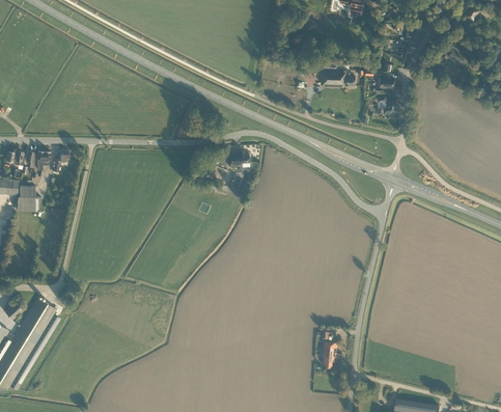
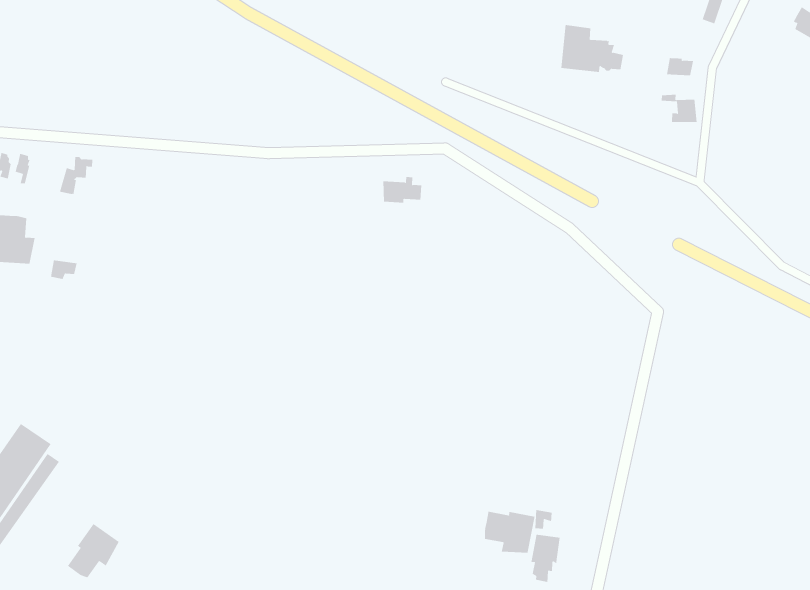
building: none -> [485,511,535,554]
building: none -> [67,523,119,578]

